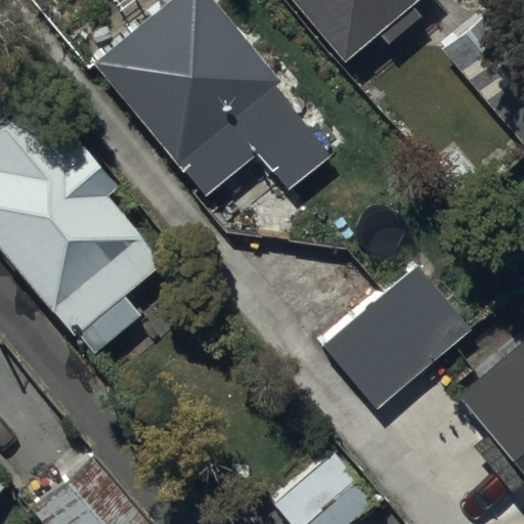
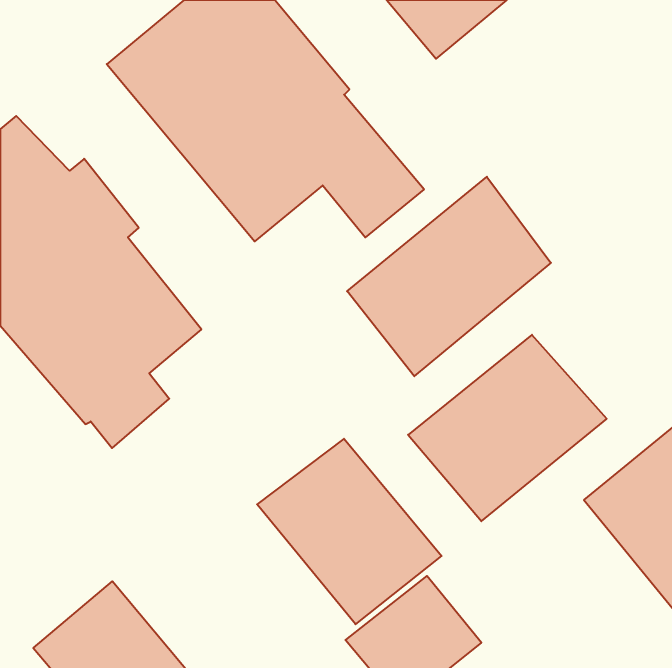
building: none -> [347,177,551,376]
building: none -> [257,439,442,624]

